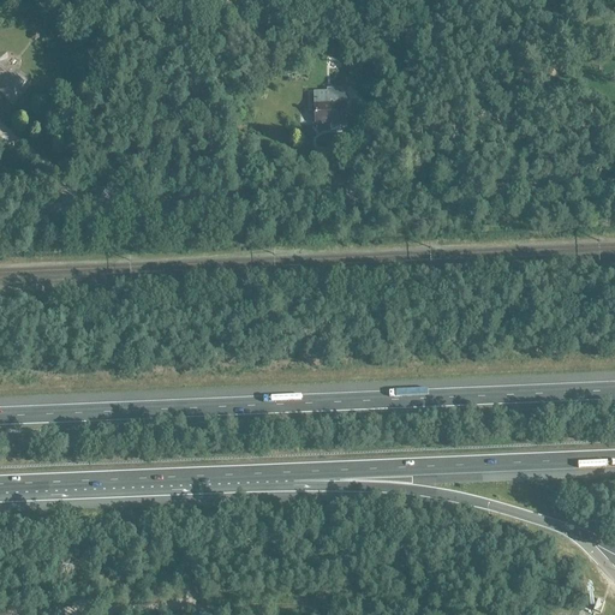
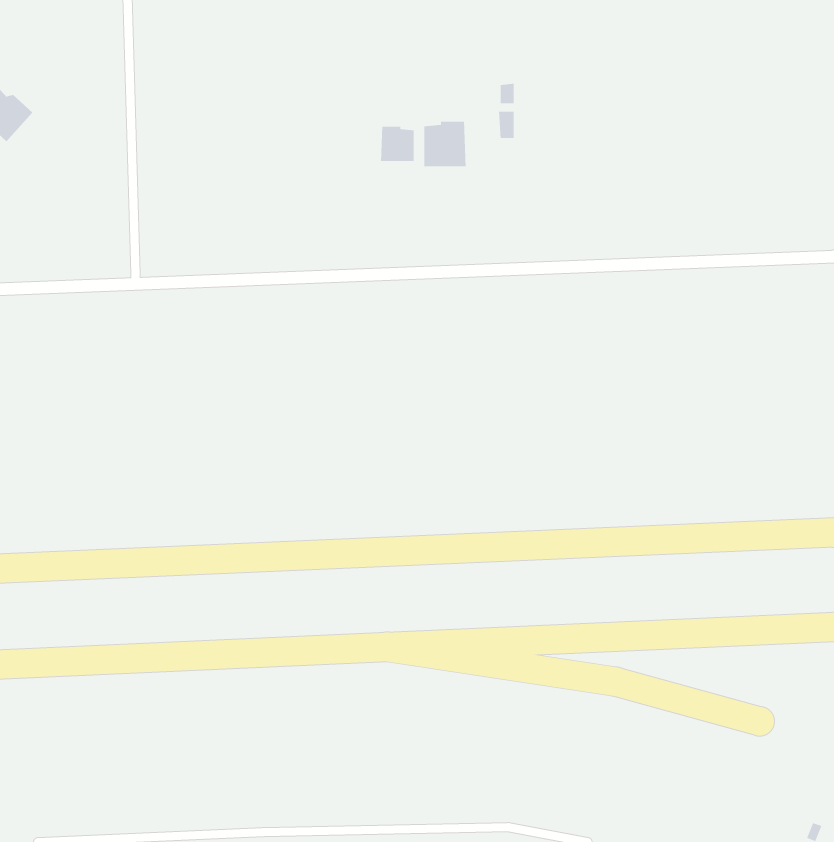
building: none -> [380,126,414,162]

